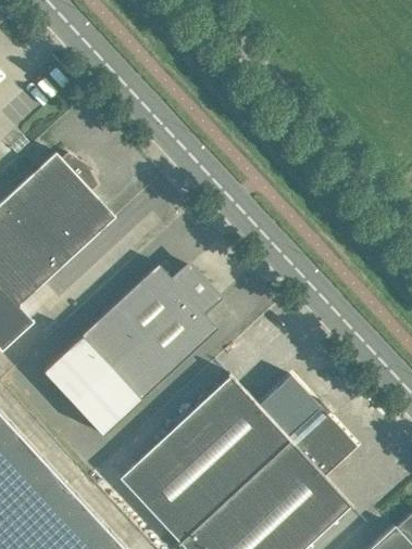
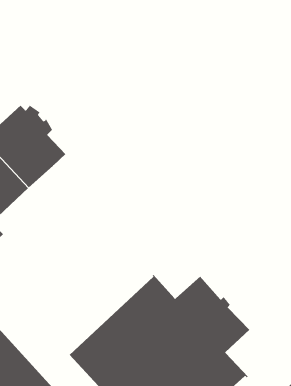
building: [43,265,219,435] -> none

